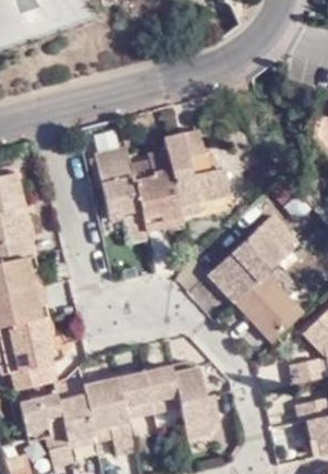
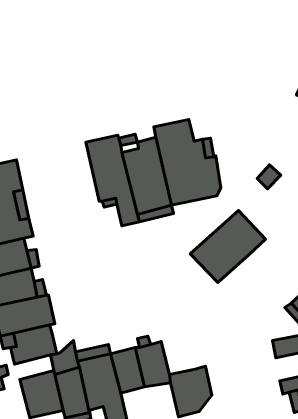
building: [253,214,297,258] -> none
building: [231,275,300,343] -> none
building: [171,363,207,401] -> none

